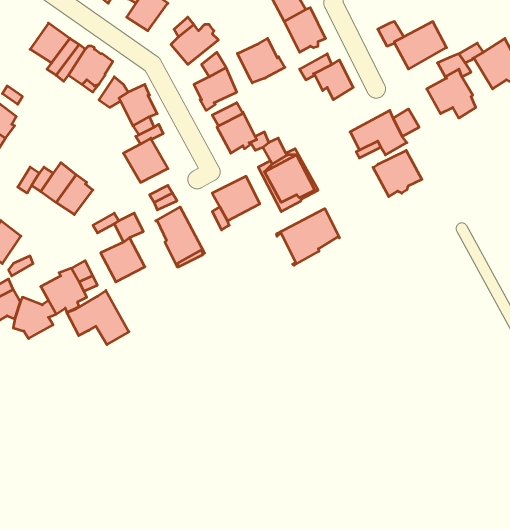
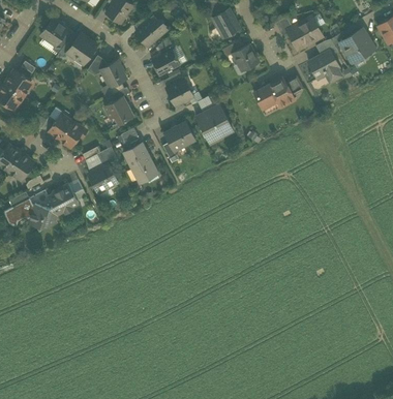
building: [237,38,285,83] -> none
building: [373,150,422,197] -> none
building: [277,209,339,265] -> none
building: [67,290,129,345] -> none

